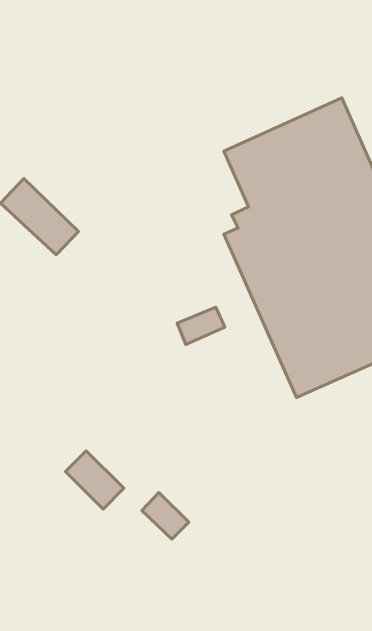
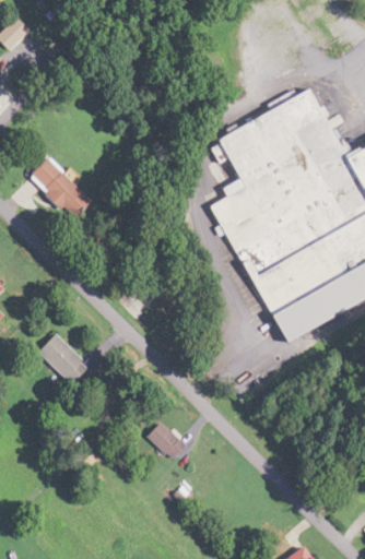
building: [177,307,225,344] -> none
building: [65,451,124,509] -> [35,335,84,384]

